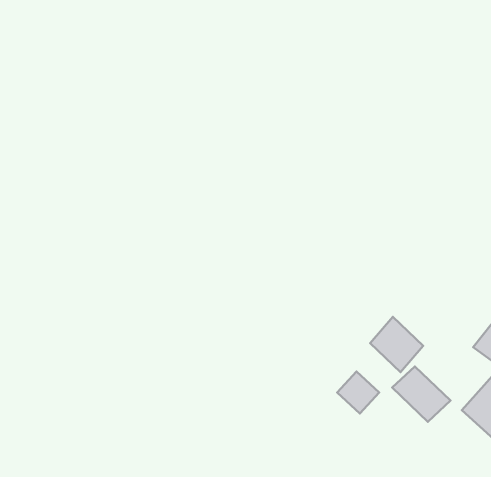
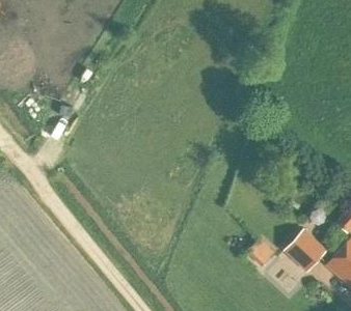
building: [370,317,423,372] -> none

